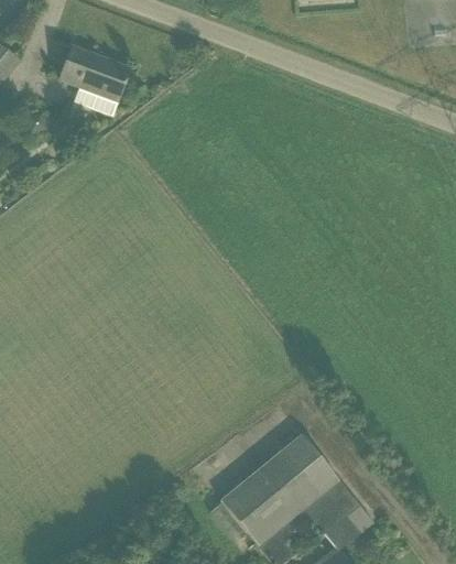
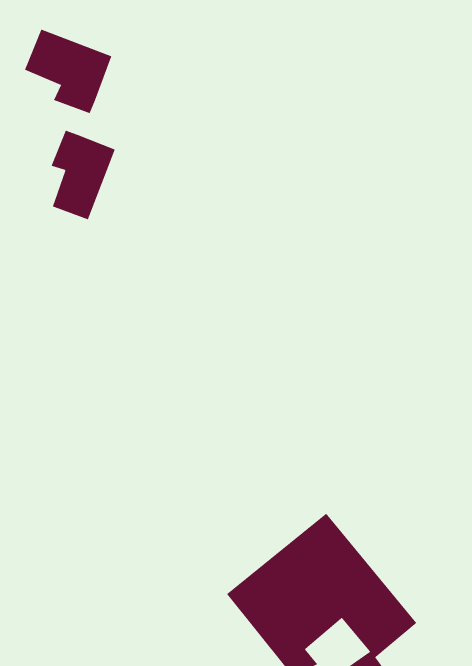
building: none -> [51,130,116,220]

